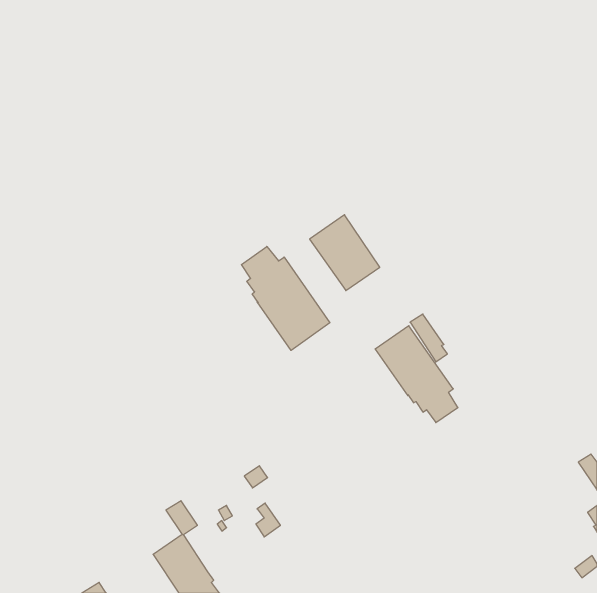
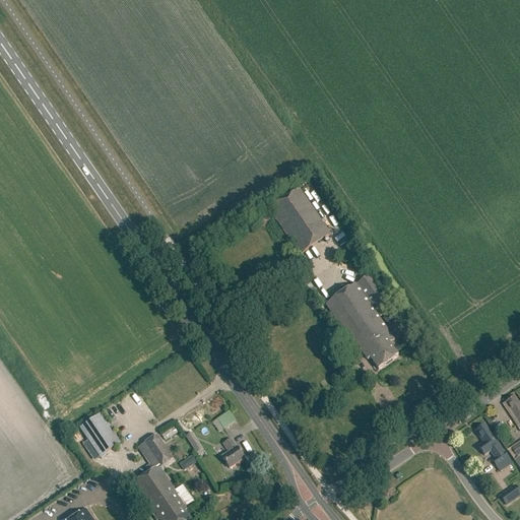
building: [241,246,330,350] -> none
building: none -> [79,411,121,455]
building: none -> [475,424,509,465]

